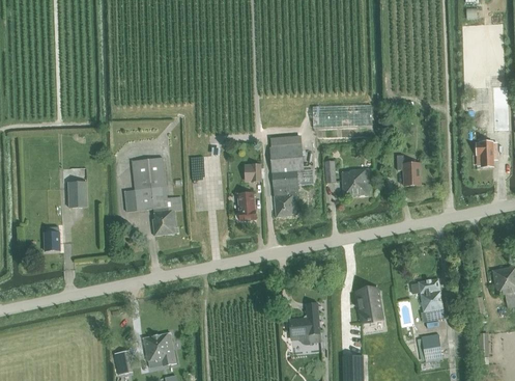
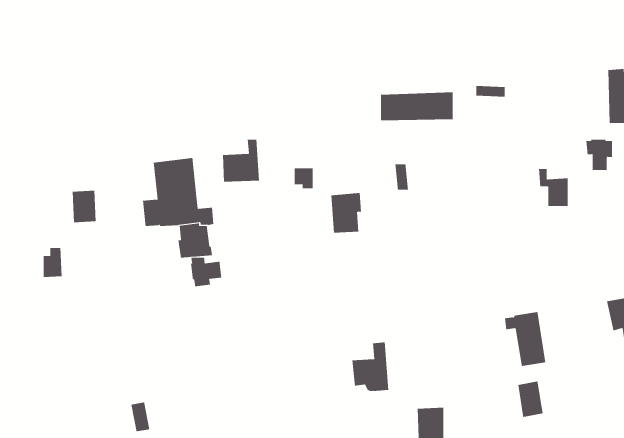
building: [269,144,313,186] -> none
building: [396,156,420,186] -> [538,169,568,206]
building: [341,169,369,196] -> none
building: [235,192,255,220] -> none
building: none -> [190,257,222,287]
building: [357,288,382,322] -> none
building: [144,331,176,364] -> none

